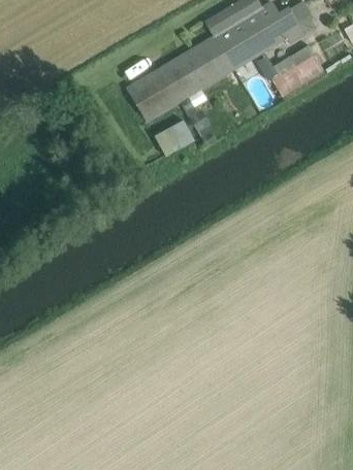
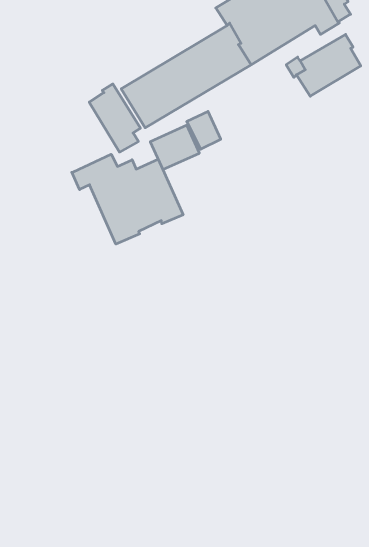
building: none -> [89,84,140,152]
building: none -> [72,154,183,244]

